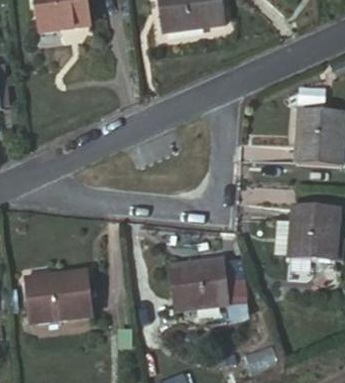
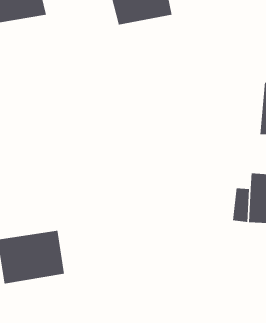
building: [180,252,238,303] -> none

